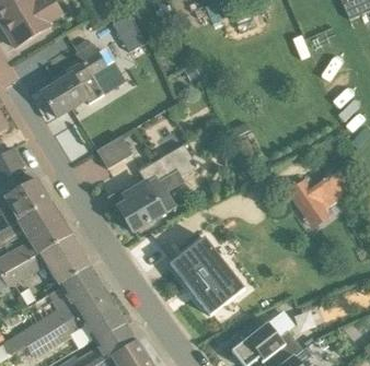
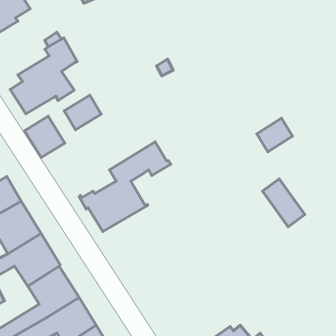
building: [114,14,146,51] -> none
building: [95,135,131,169] -> [64,95,101,130]
building: [315,172,350,204] -> [257,118,293,152]
building: [165,234,240,312] -> none

